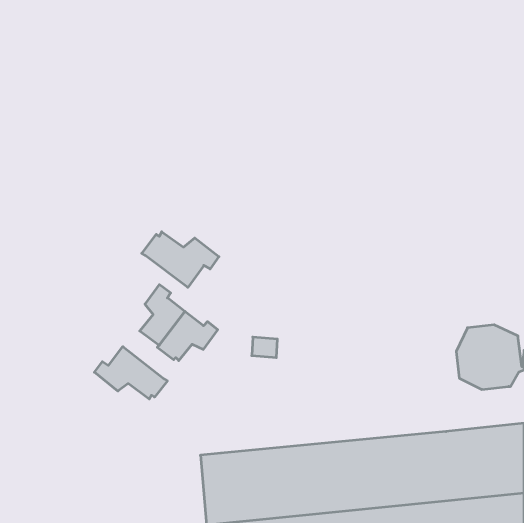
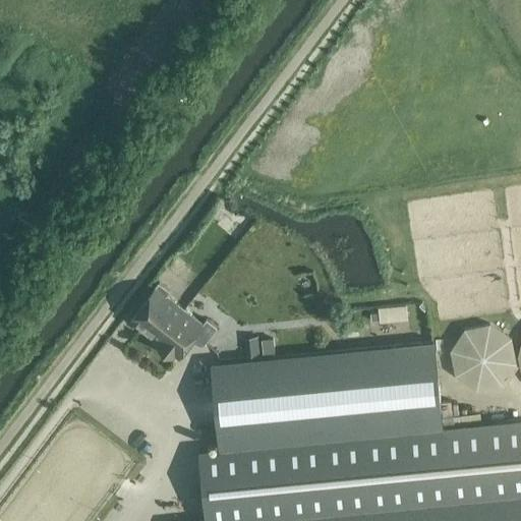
building: [142,232,219,287] -> none
building: none -> [210,345,442,451]
building: [94,347,167,399] -> none

